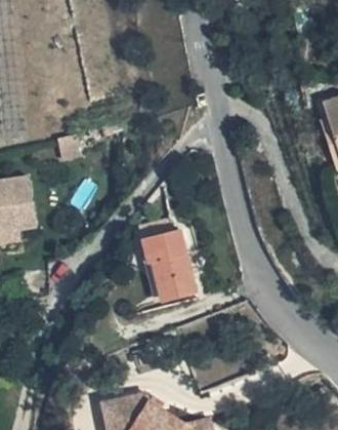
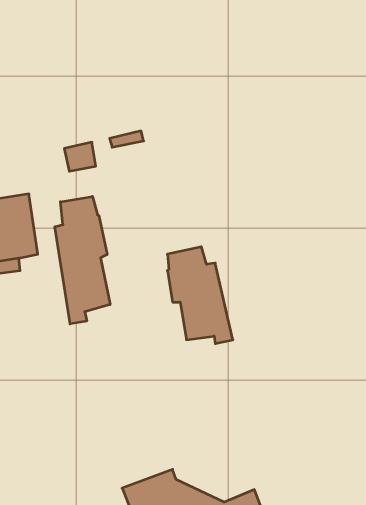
building: none -> [55,196,110,324]

